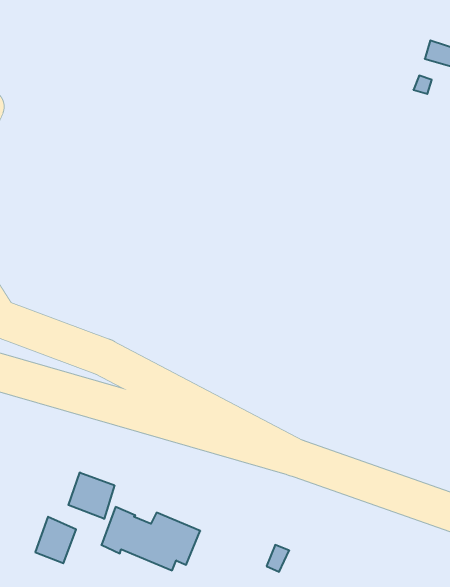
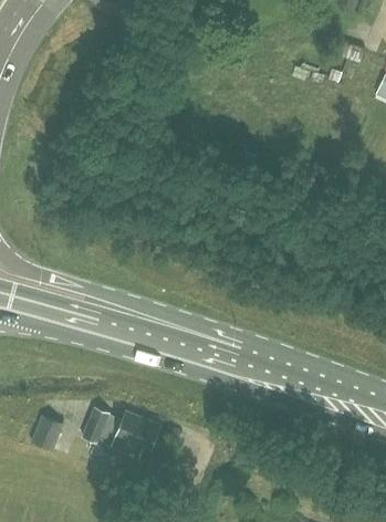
building: [68,472,114,519] -> none

